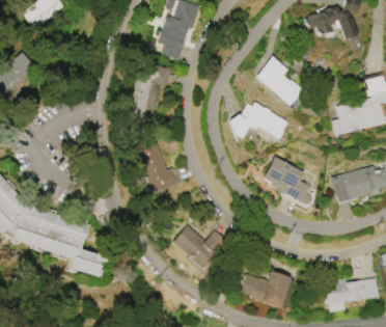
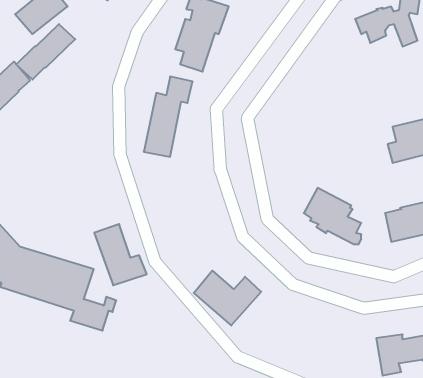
building: none -> [16,24,75,80]
building: [254,56,302,105] -> none
building: [227,102,287,139] -> none
building: [135,141,178,192] -> [94,224,147,285]
building: [239,270,288,308] -> none

